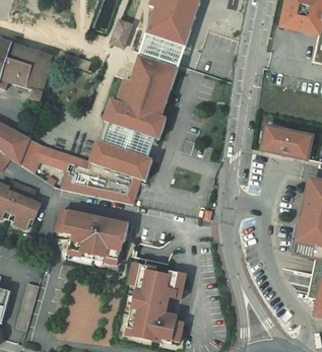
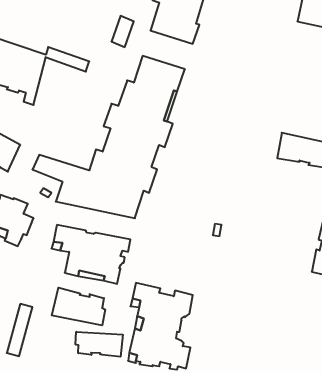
building: [139,32,185,68] -> none
building: [16,137,45,172] -> none
building: none -> [52,288,105,325]
building: none -> [76,332,123,357]

